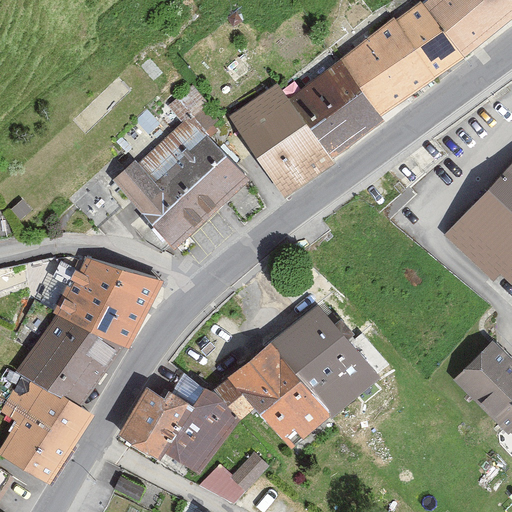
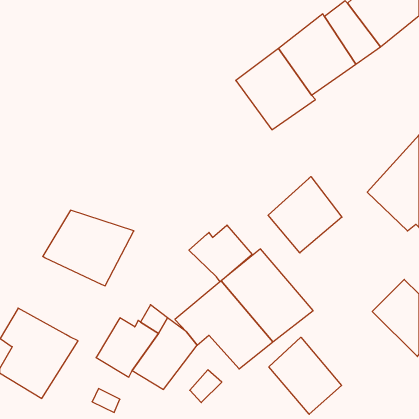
building: [228,83,336,198] -> none
building: [112,85,250,250] -> none
building: none -> [268,177,342,253]
building: none -> [189,225,252,282]
building: [16,314,123,407] -> none
building: none -> [269,337,342,414]
building: [197,463,245,504] -> none

